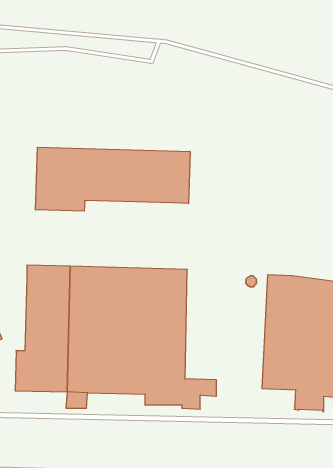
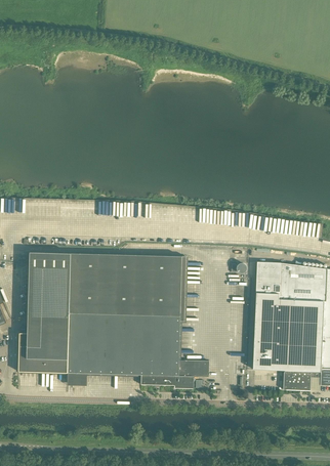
building: [35,147,190,211] -> none

